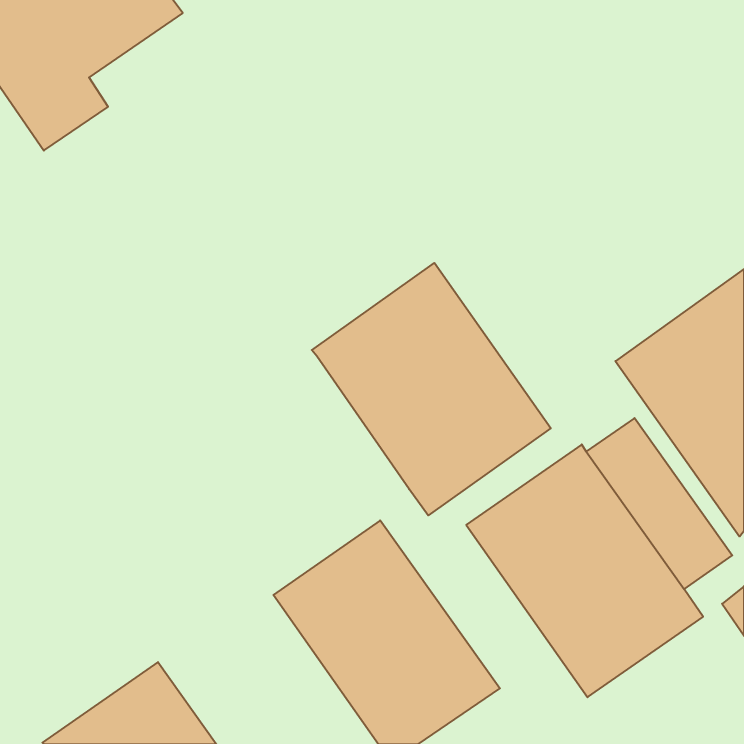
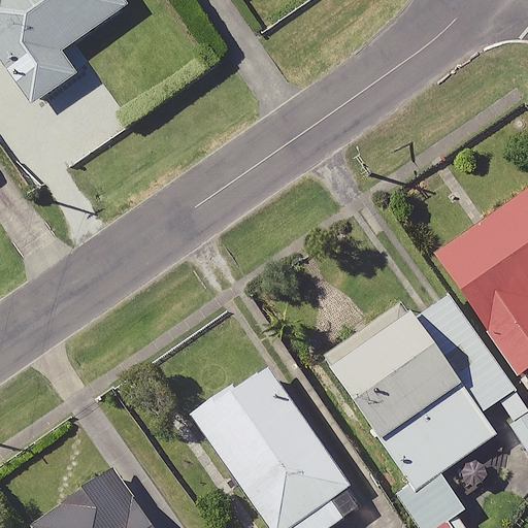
building: [312,263,551,515] -> none

